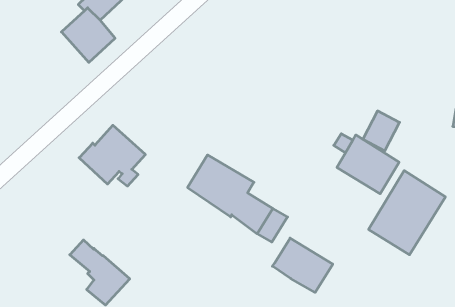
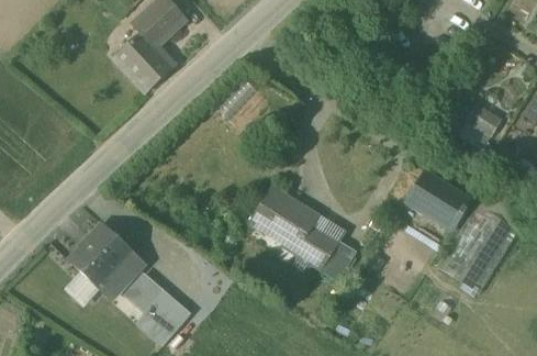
building: [363,111,400,151] -> [459,101,497,143]
building: [79,125,145,186] -> [69,226,138,290]
building: [272,238,333,292] -> none

